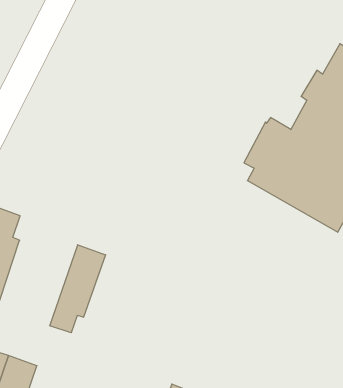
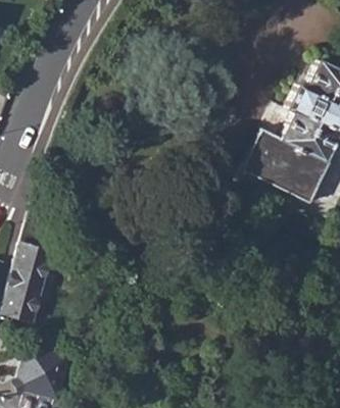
building: [50,245,106,333] -> none

